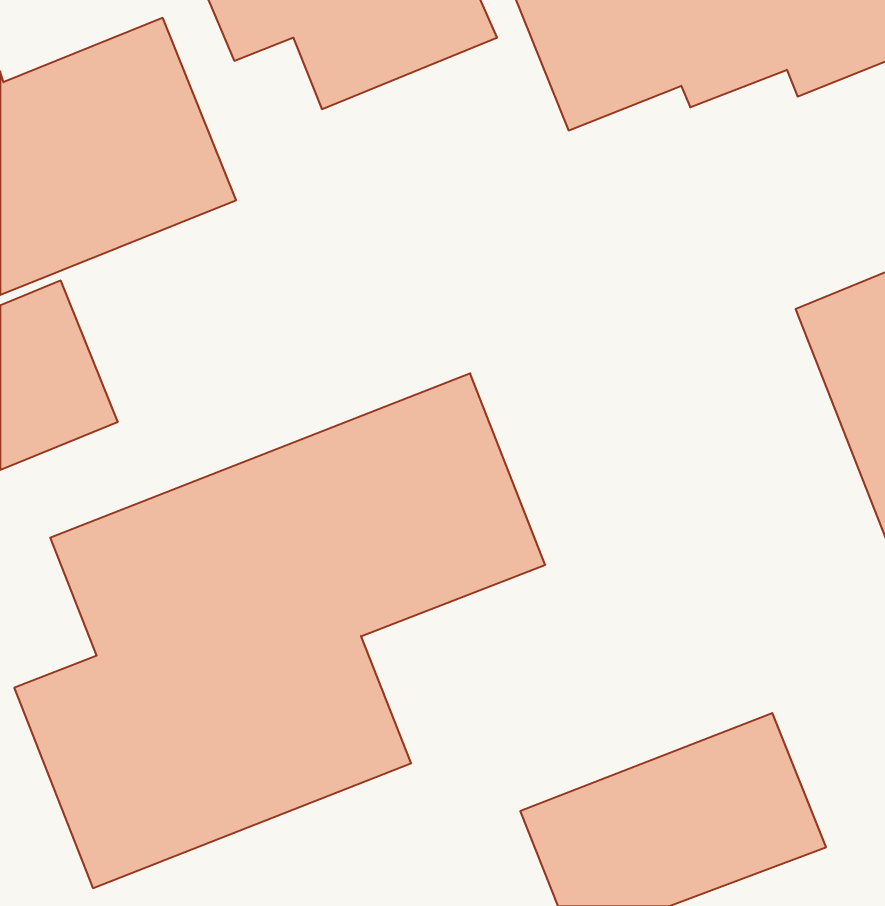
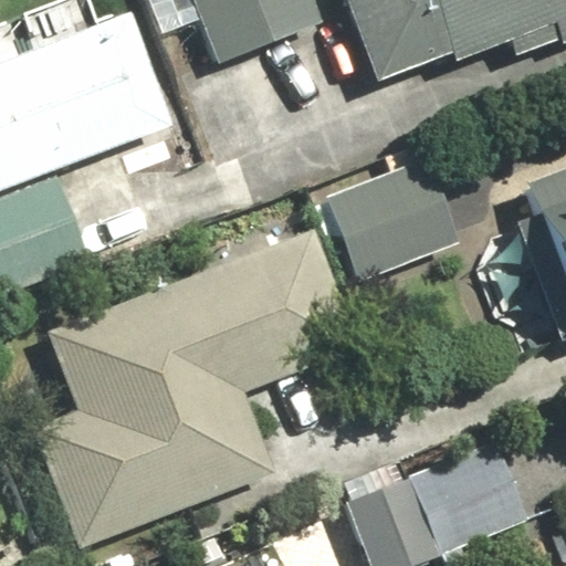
building: none -> [323,155,458,282]

